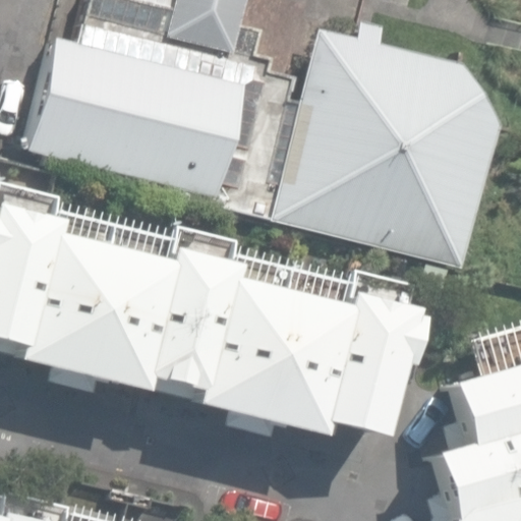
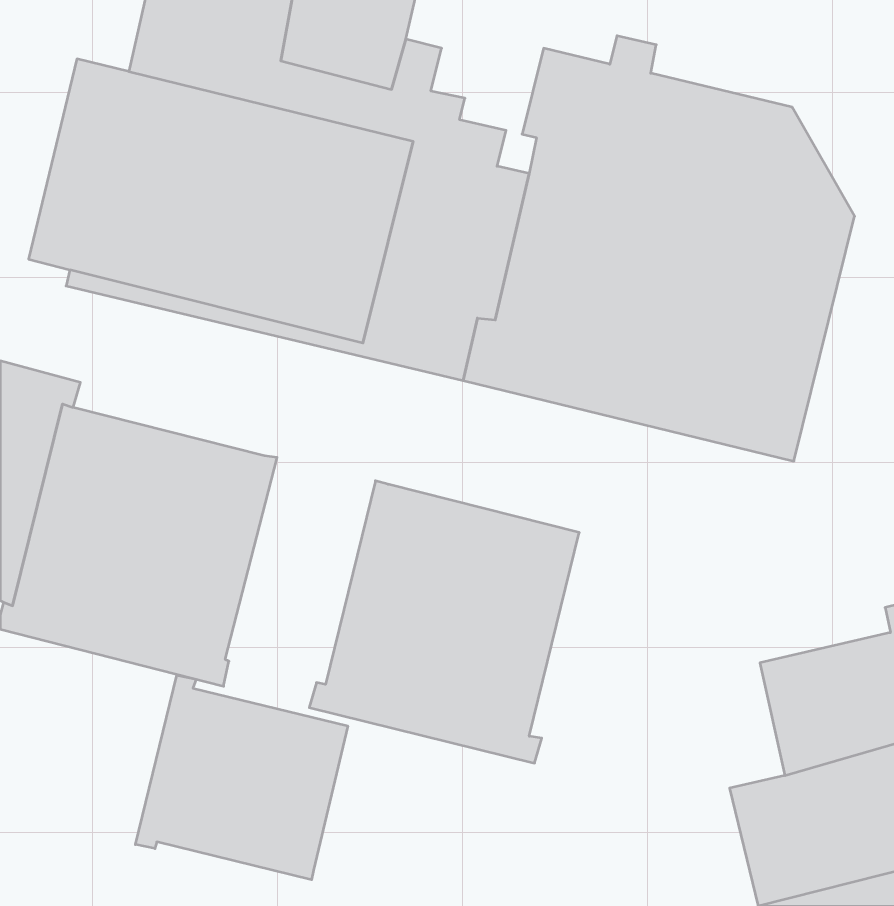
building: [139,245,235,390] -> none
building: [312,289,416,436] -> none
building: none -> [135,675,348,880]

